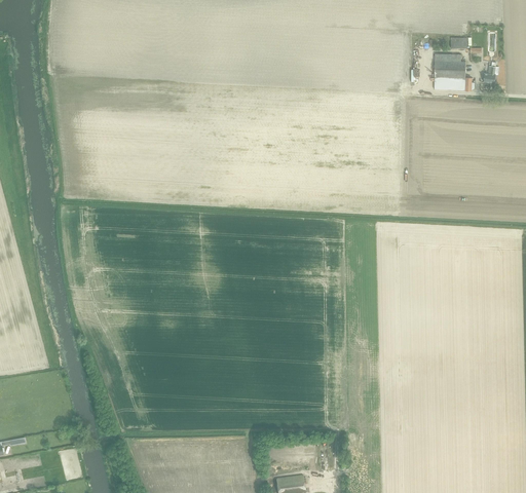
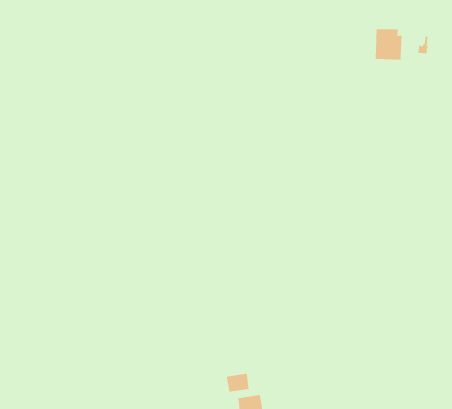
building: none -> [226,373,249,392]

